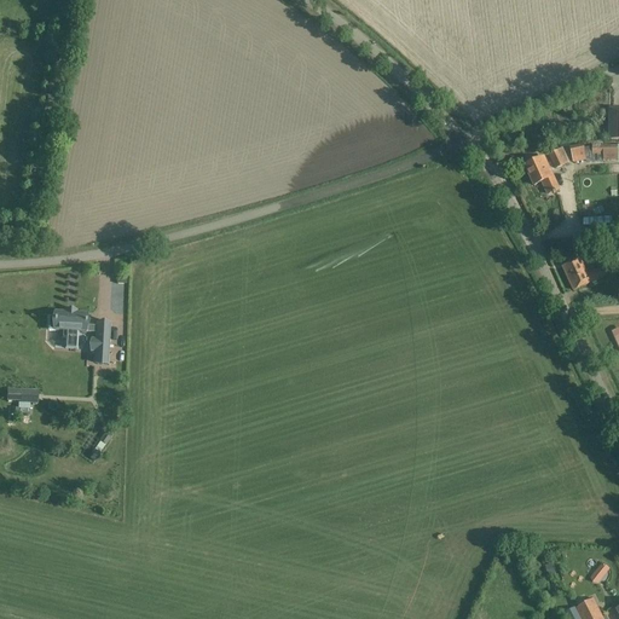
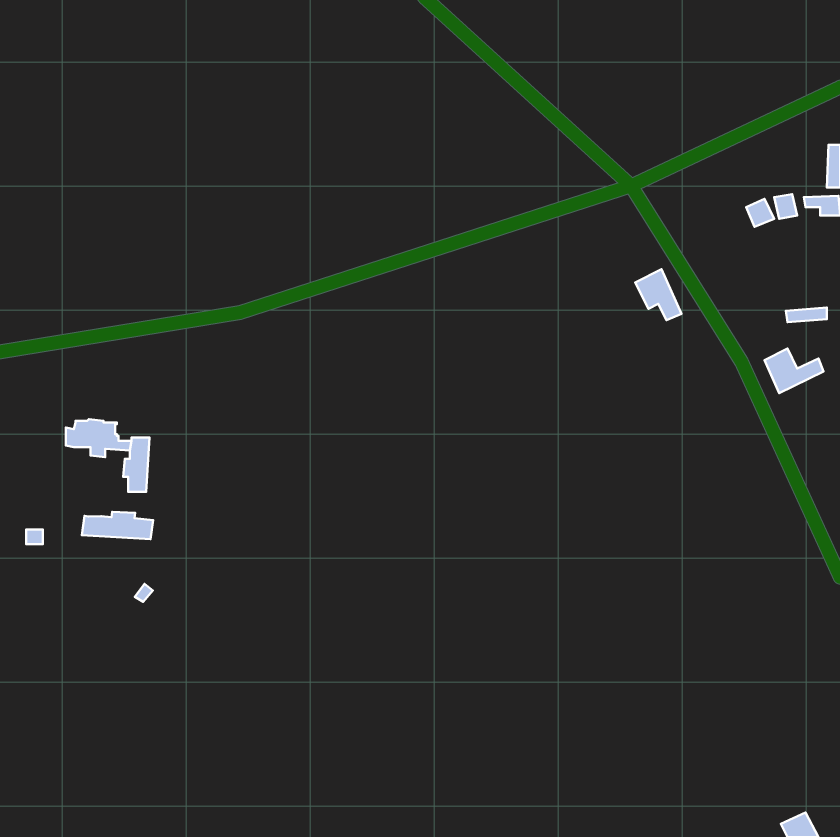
building: [525,155,559,192] -> [635,269,681,320]
building: none -> [82,512,153,539]

